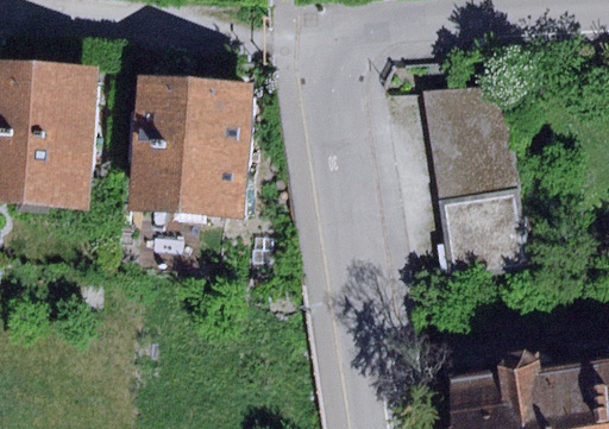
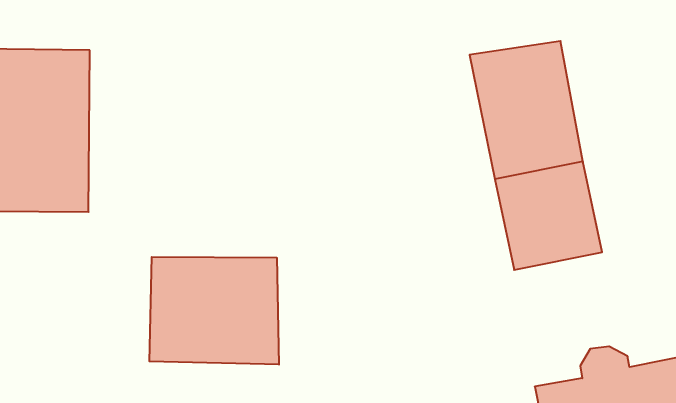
building: [126,75,252,214] -> none
building: none -> [149,257,279,365]

